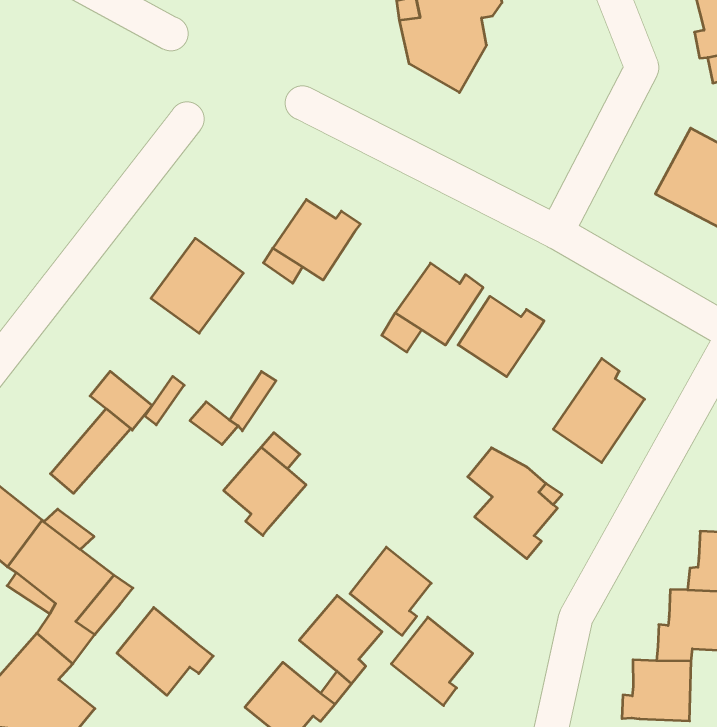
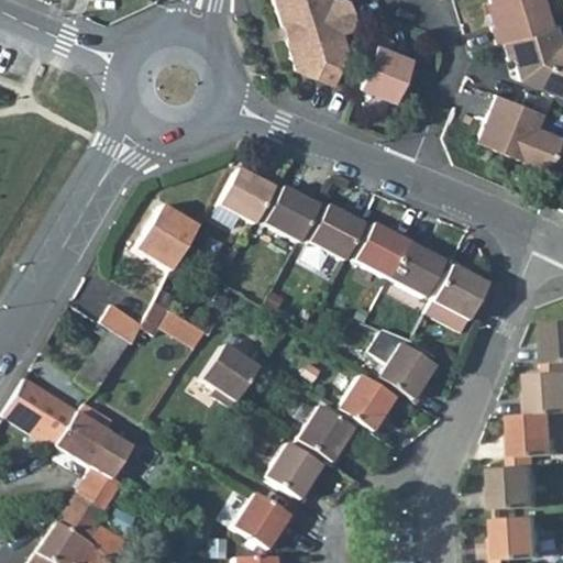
building: none -> [360,32,412,99]
building: none -> [263,187,321,242]
building: none -> [389,236,444,297]
building: [117,607,213,695] -> none
building: [391,617,473,706] -> [338,375,394,435]

